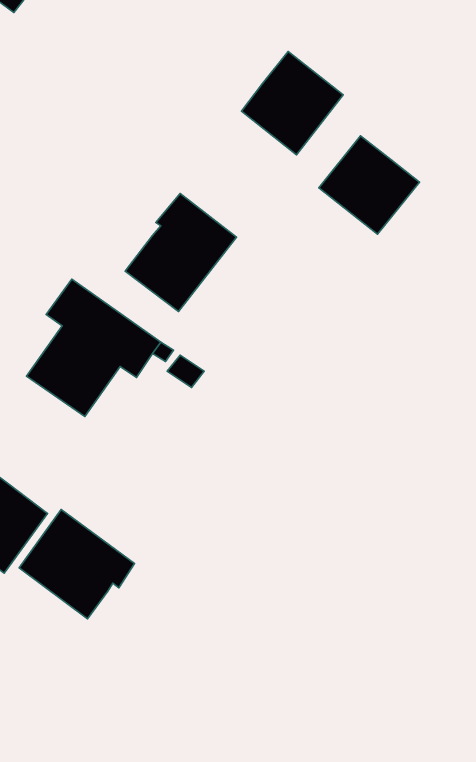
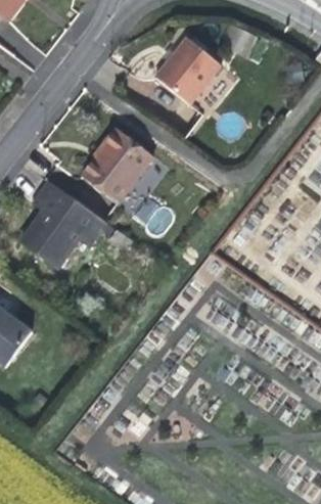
building: [319,136,419,234] -> none
building: [19,510,134,619] -> none

